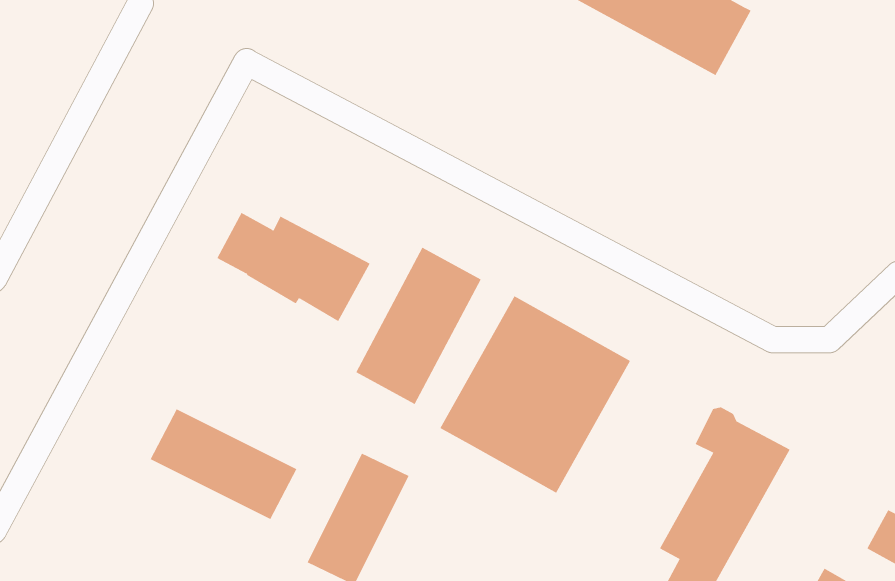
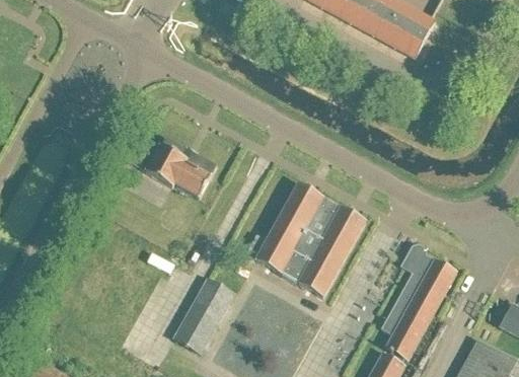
building: [356,247,482,405] -> none
building: [150,408,297,520] -> none

